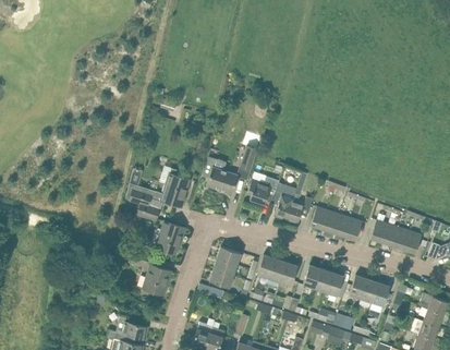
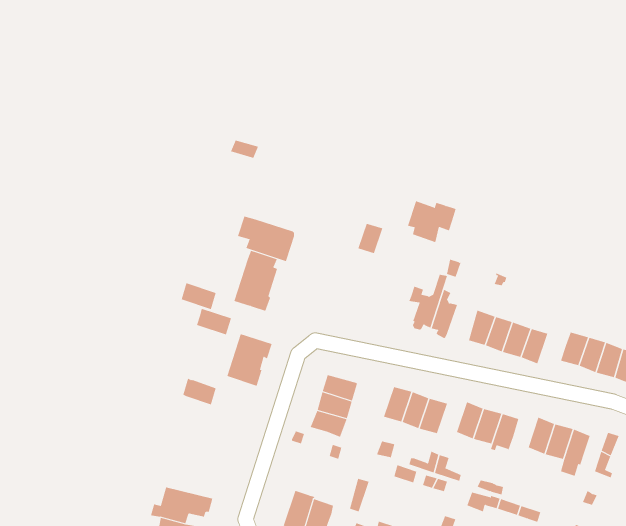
building: [200,165,238,194] -> [237,216,295,262]
building: [246,178,278,205] -> [407,200,456,243]
building: [143,265,171,295] -> none

